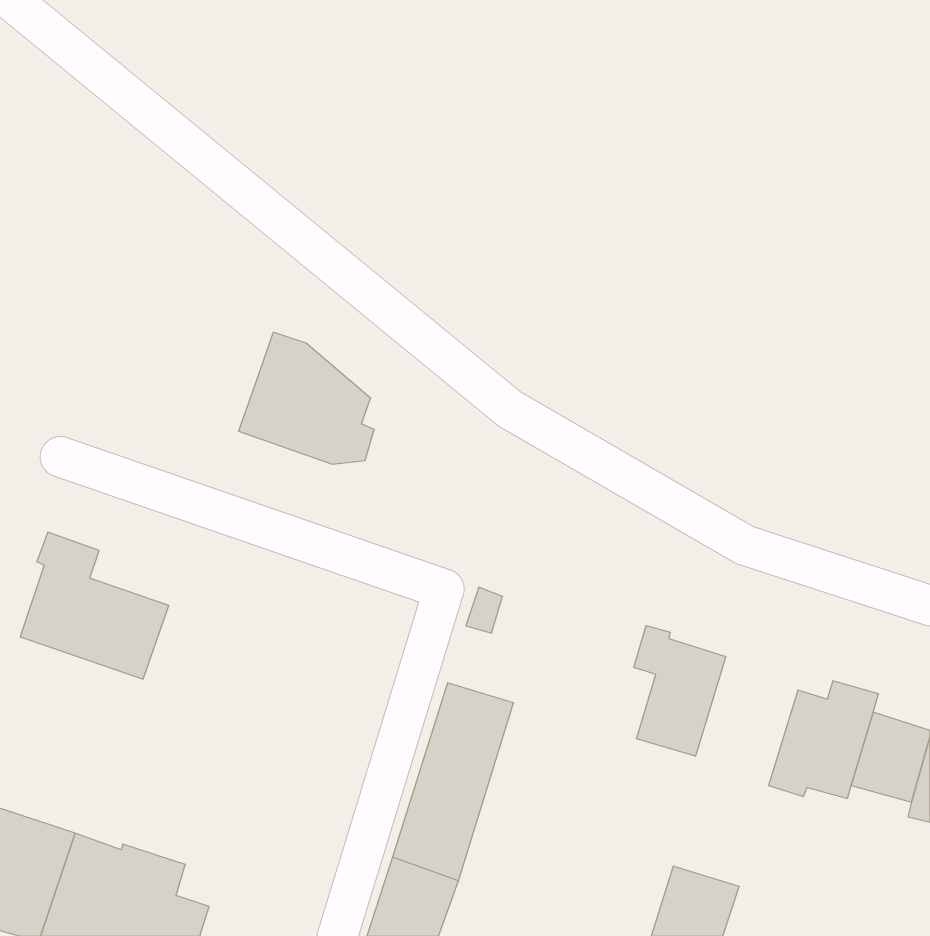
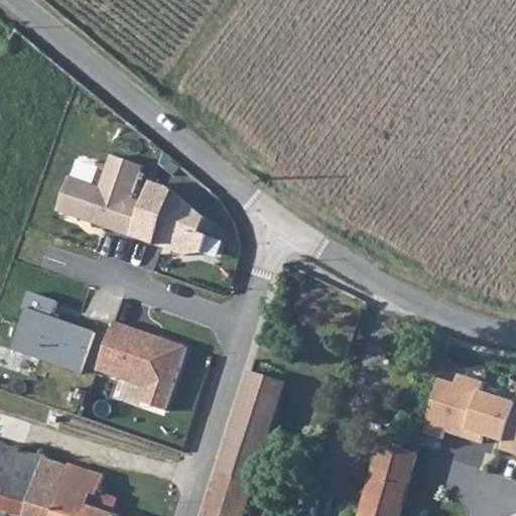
building: none -> [55,155,143,237]
building: none -> [95,321,185,410]
building: [634,626,726,756] -> none
building: none -> [370,445,415,487]

